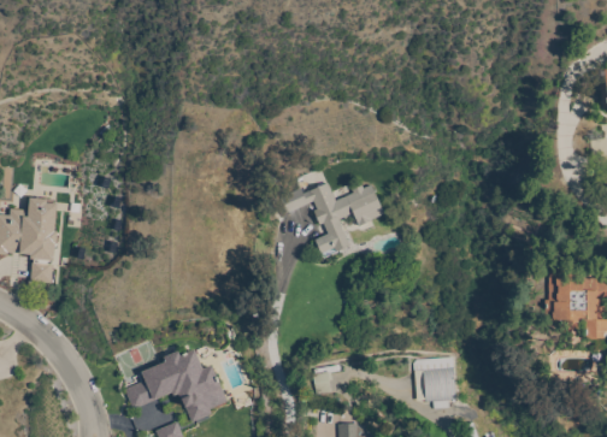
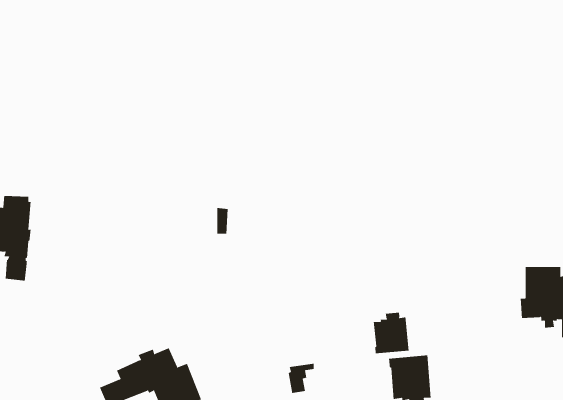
building: [281,183,385,259] -> none
building: none -> [373,312,409,354]

